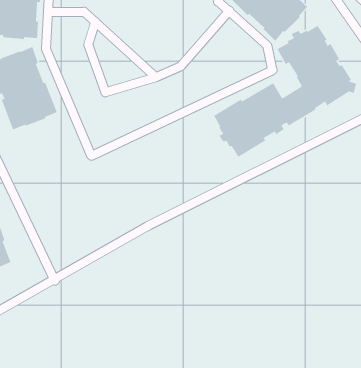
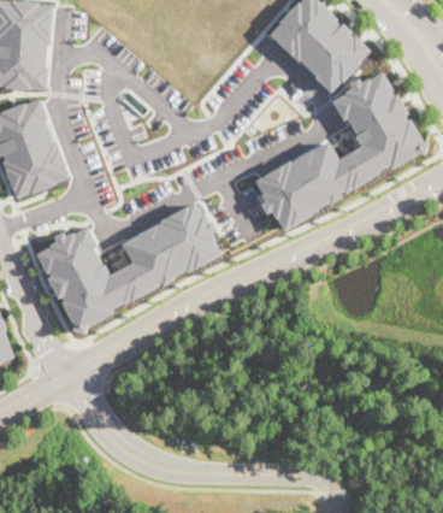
building: none -> [36,204,223,334]

